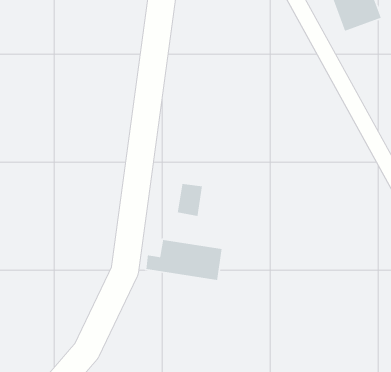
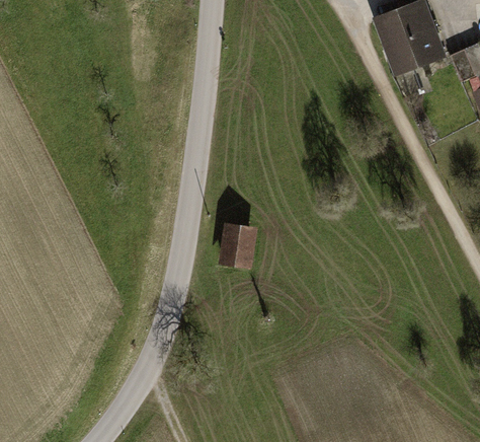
building: [145,239,222,281] -> none

